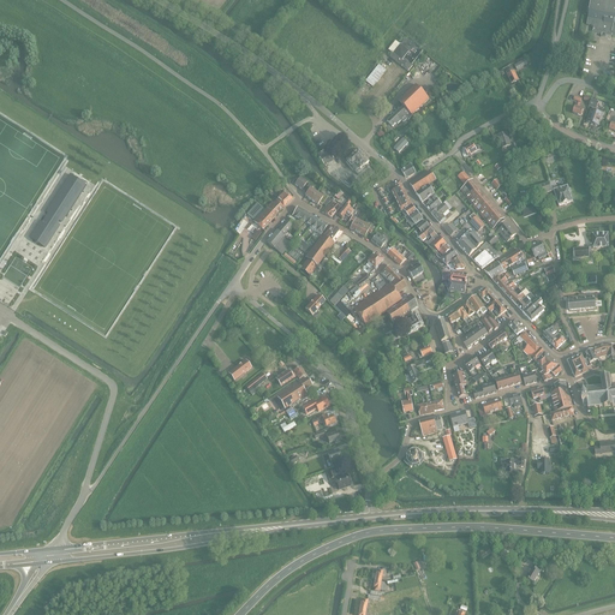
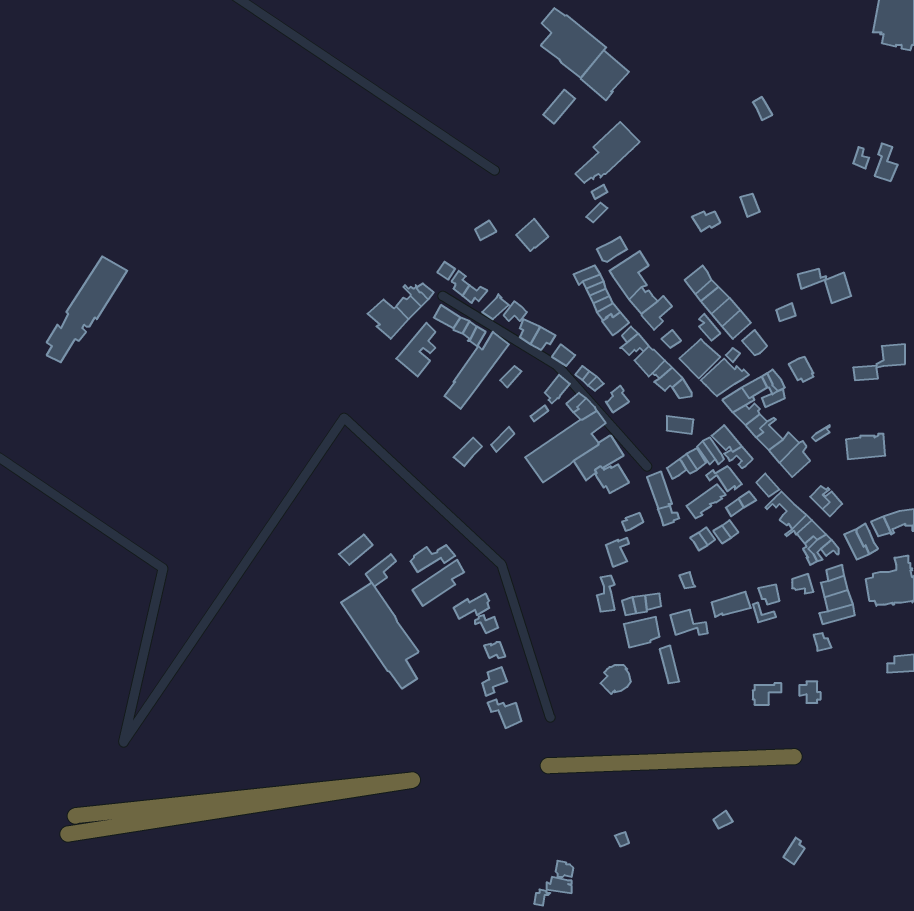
building: none -> [541,8,606,78]
building: none -> [341,583,418,689]

